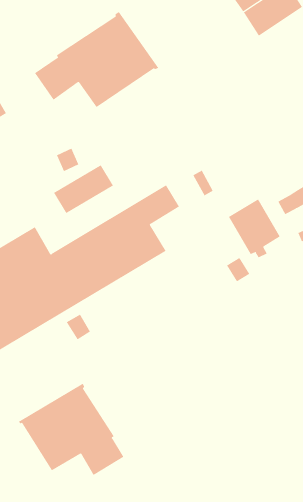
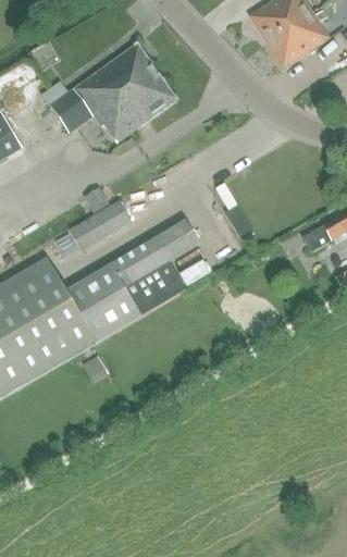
building: [228,199,281,258] -> none
building: [18,383,124,476] -> none

